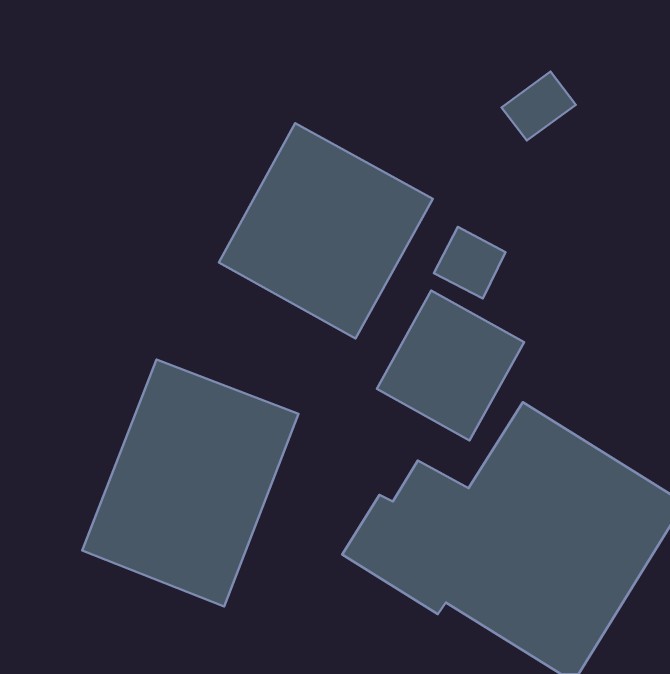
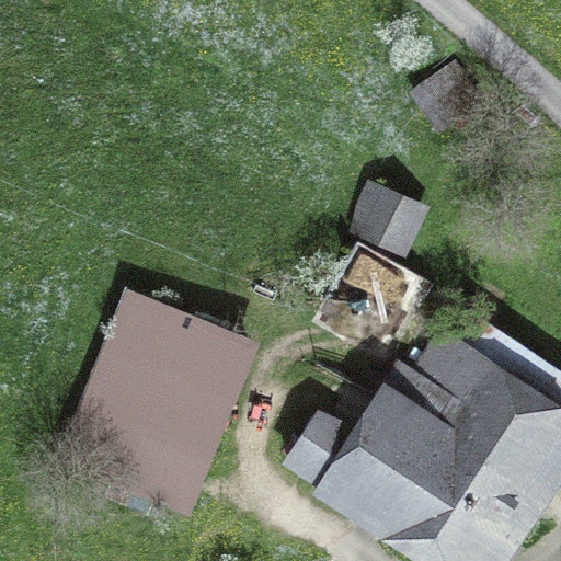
building: [219,123,433,339] -> none

